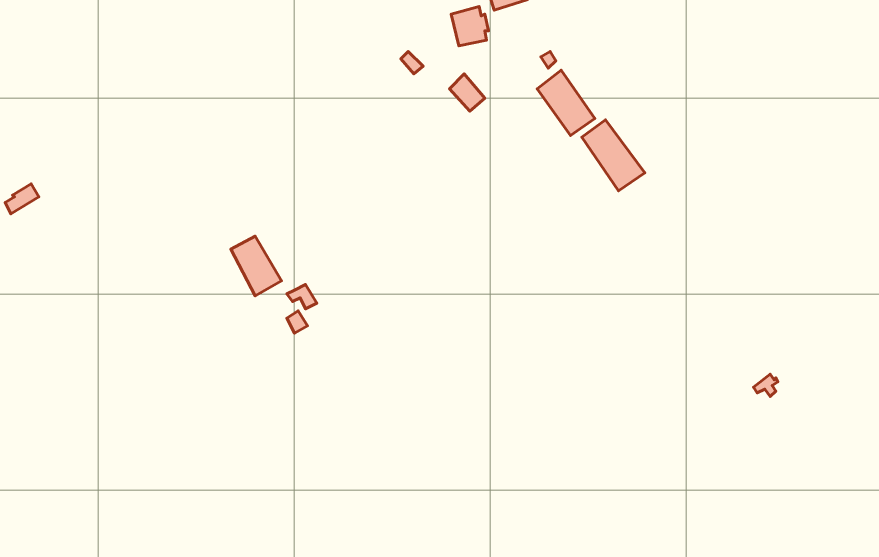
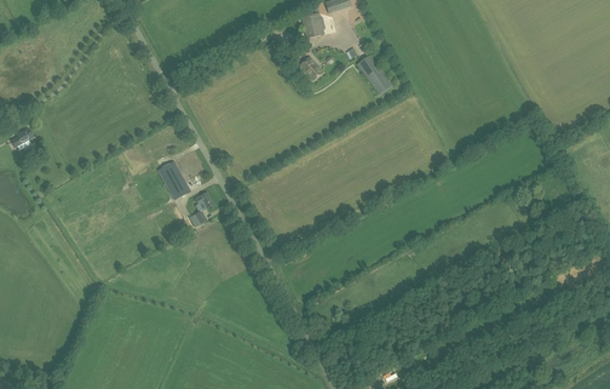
building: [582,120,645,191] -> none

